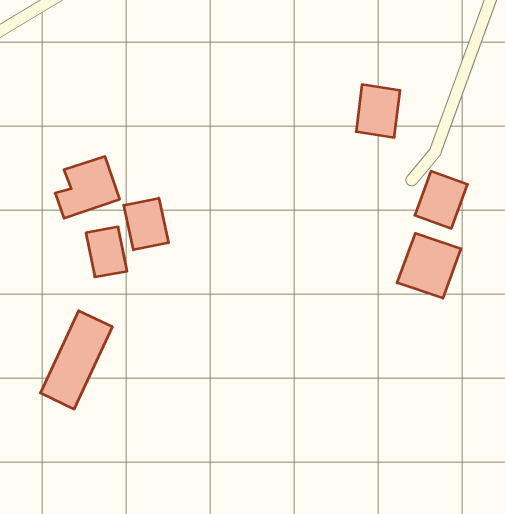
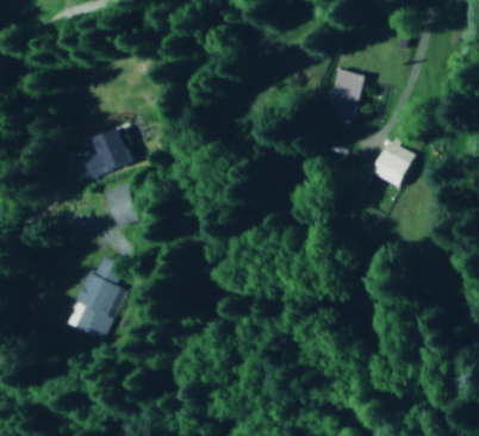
building: [124,198,168,250] -> none
building: [397,233,461,298] -> none

